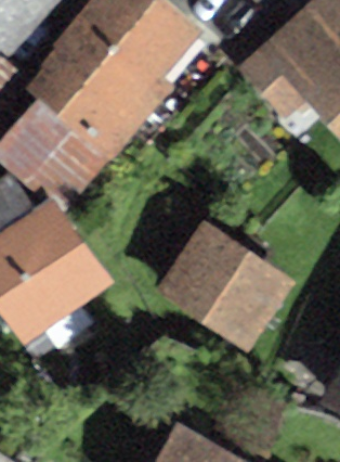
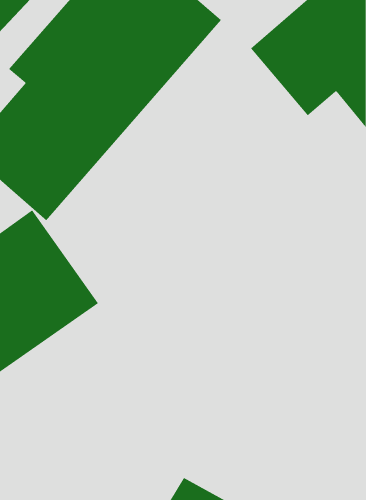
building: [158,220,293,348] -> none

